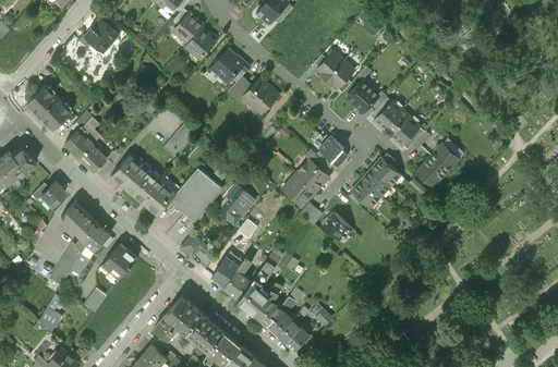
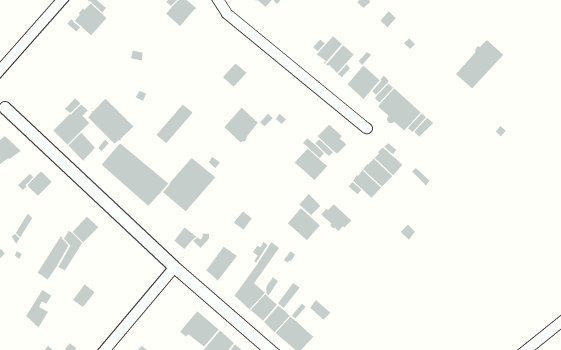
building: [184,27,217,59] -> none
building: [206,49,248,83] -> none
building: [242,77,276,112] -> [223,107,259,143]
building: [26,85,71,130] -> [87,98,134,145]
building: [415,138,462,186] -> [455,39,504,89]
building: [282,173,315,206] -> [287,207,321,241]
building: [218,187,253,224] -> none
building: [59,201,97,240] -> none
building: [101,244,136,280] -> none
building: [222,257,251,298] -> none
building: [153,302,203,341] -> none

